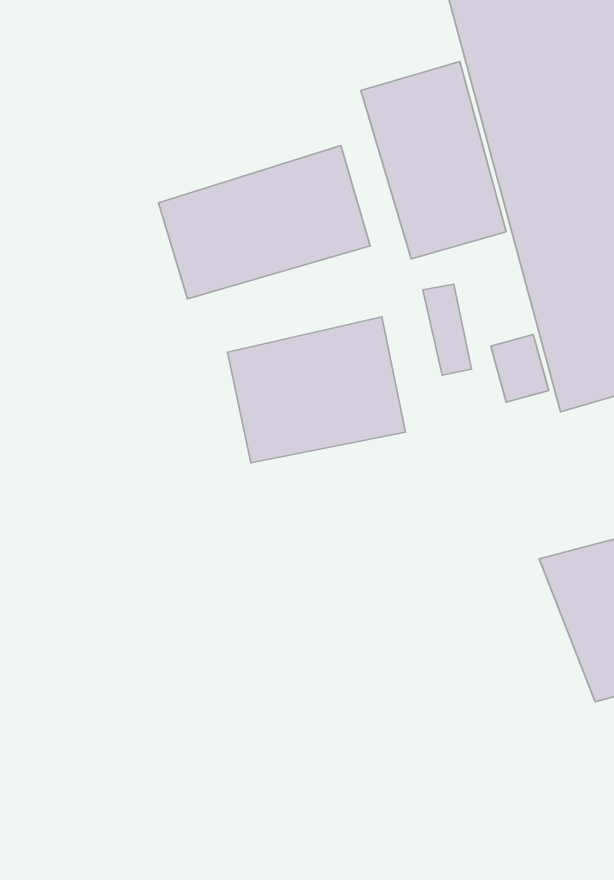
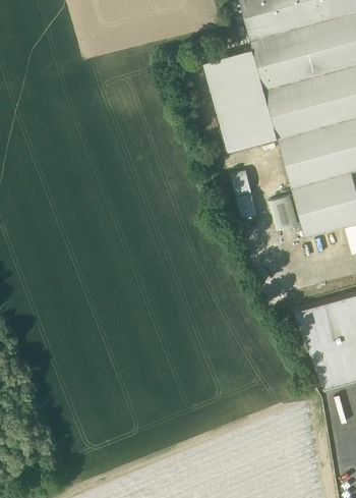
building: [158,146,370,299] -> none
building: [227,317,405,463] -> none

